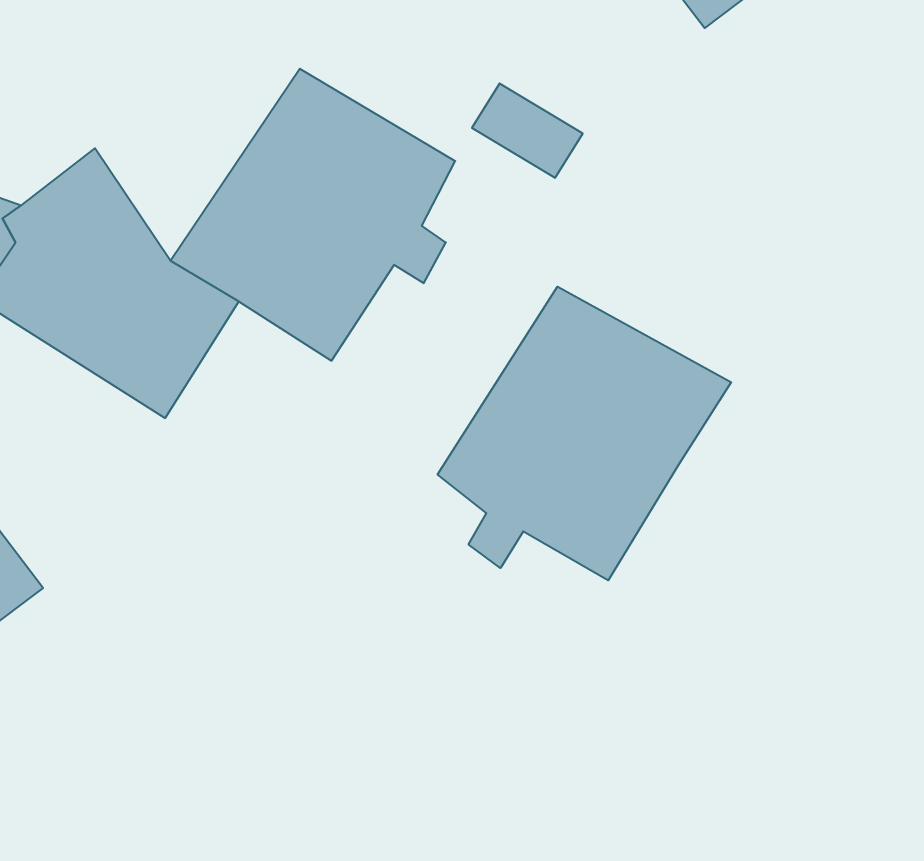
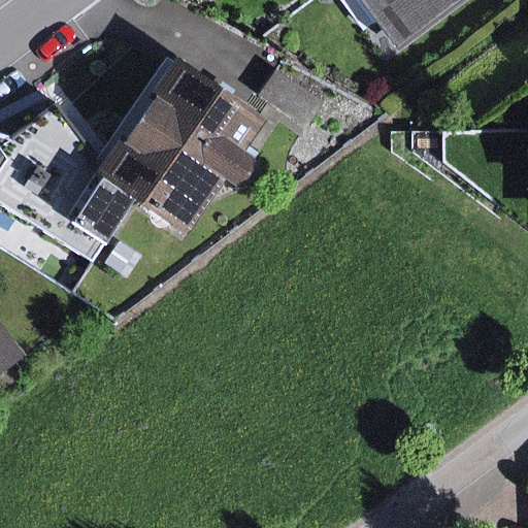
building: [438,287,731,580] -> none

